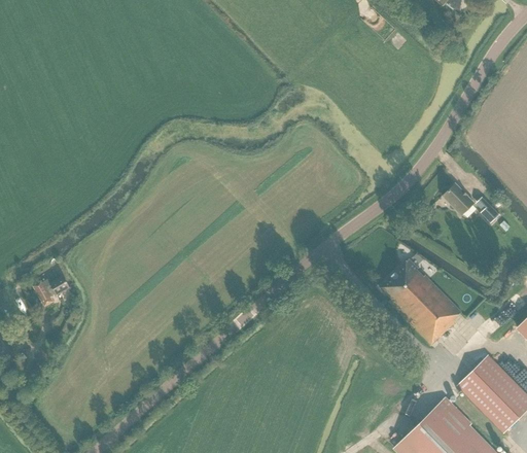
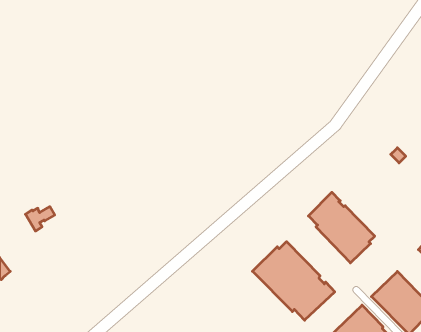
building: [444,183,475,214] -> none
building: none -> [252,242,335,320]

